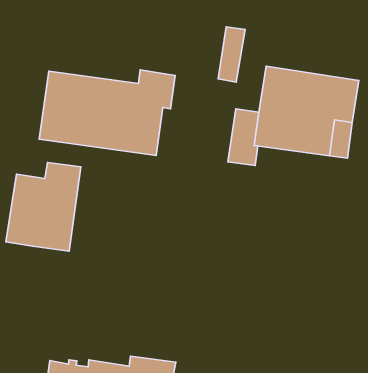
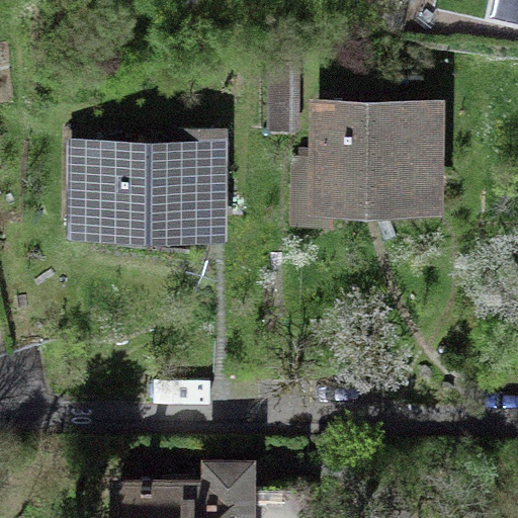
building: [6,162,81,251] -> none

